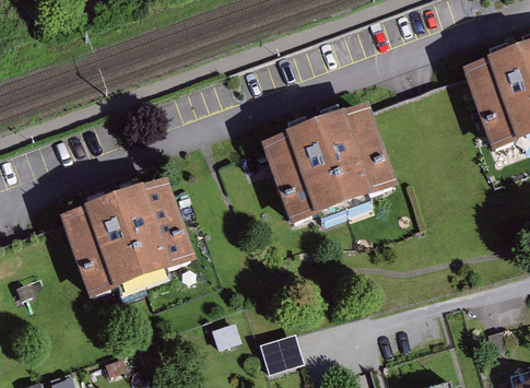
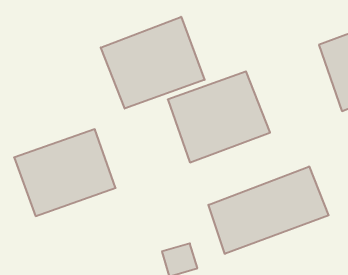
building: none -> [101,17,205,109]
building: none -> [208,166,329,254]

